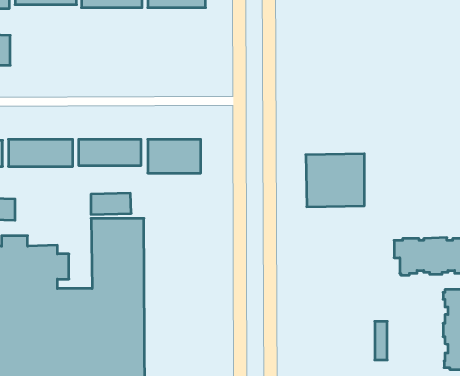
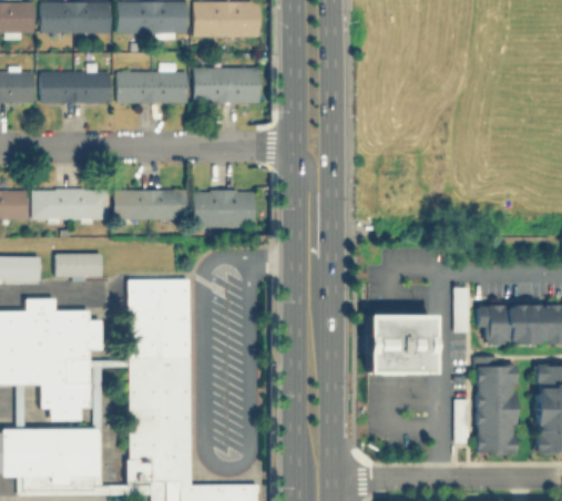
building: none -> [194,67,262,103]
building: none -> [41,71,112,103]
building: none -> [117,71,190,103]
building: [306,154,364,207] -> [366,314,433,375]
building: [91,193,131,214] -> [57,253,103,277]
building: none -> [454,286,470,330]
building: none -> [477,355,518,452]

